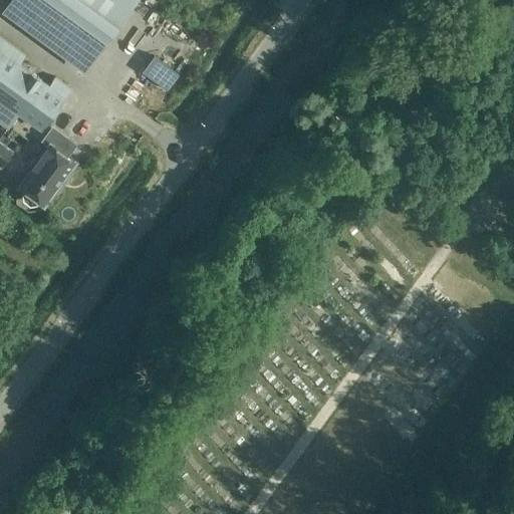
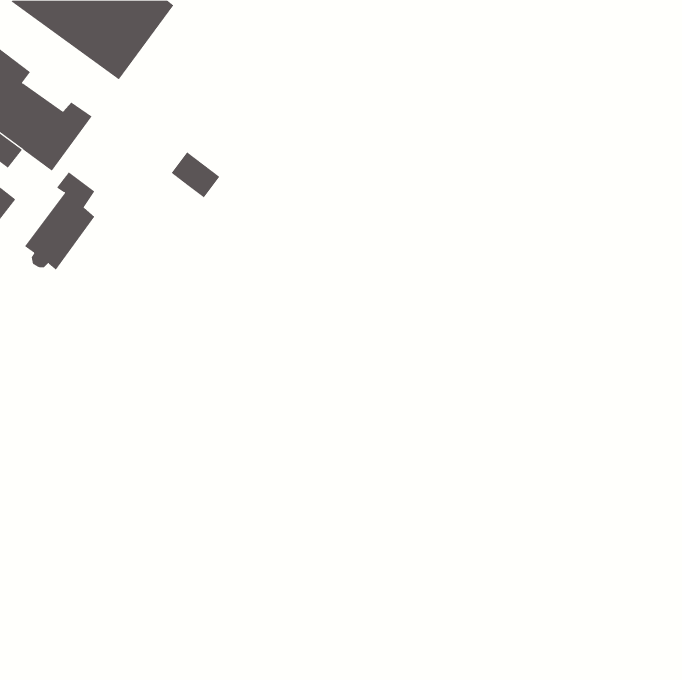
building: [140,58,177,93] -> [171,151,220,198]

